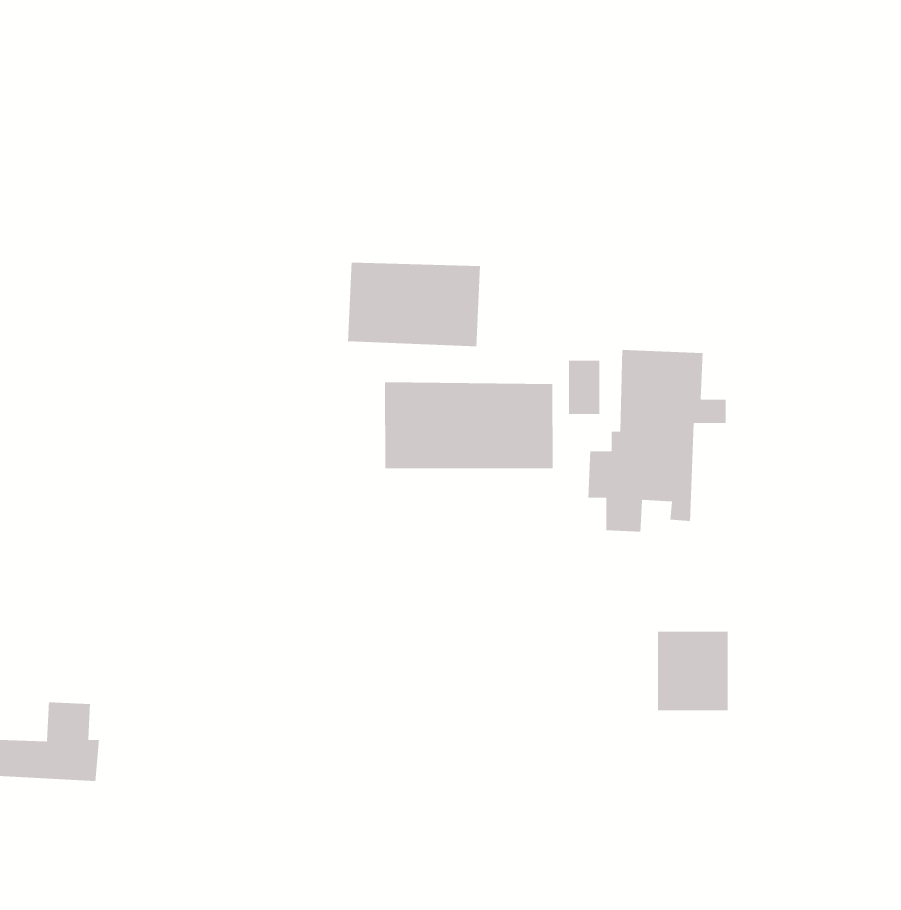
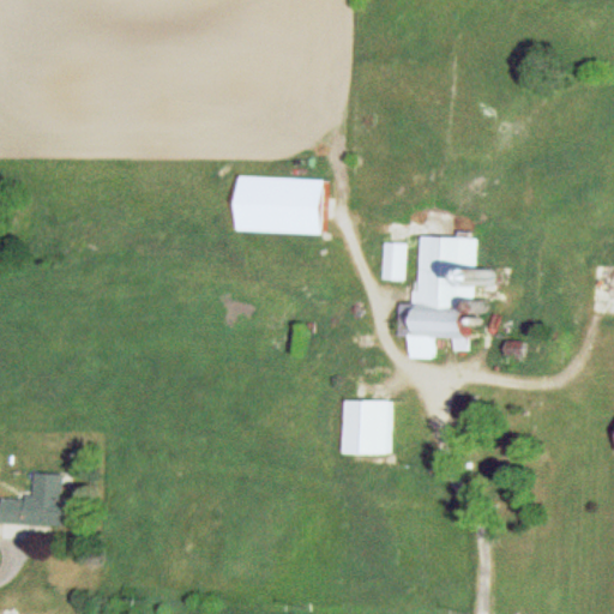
building: [384,382,553,469] -> none
building: [657,631,728,711] -> [341,399,389,453]

